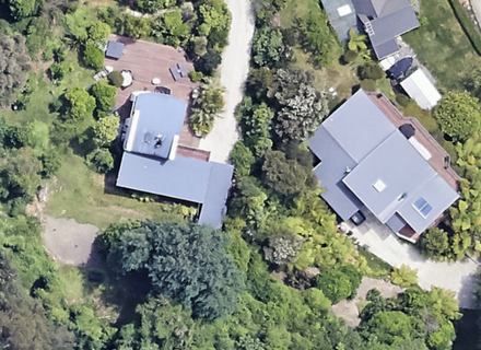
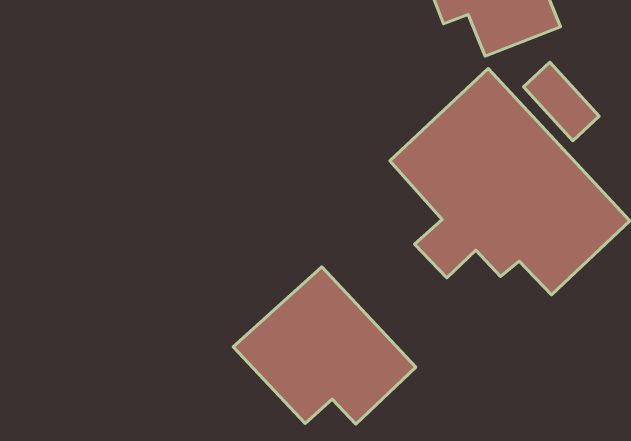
building: [116,89,232,233] -> none
building: none -> [233,267,416,424]

